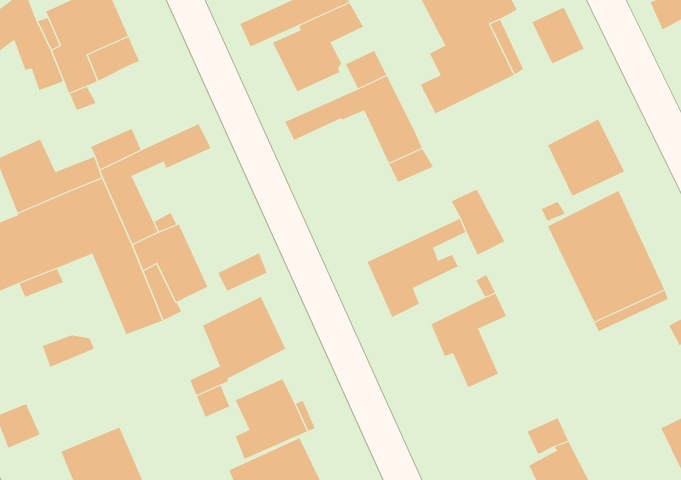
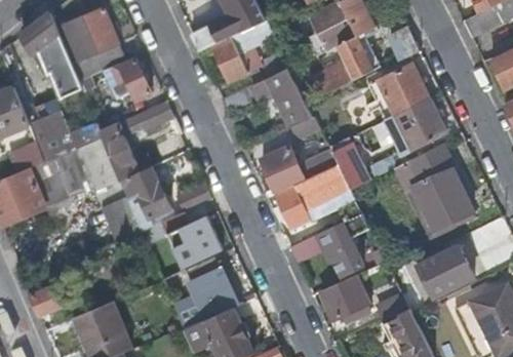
building: none -> [104,58,151,101]
building: none -> [377,63,428,115]
building: none -> [261,148,337,192]
building: none -> [418,246,469,294]
building: none -> [319,276,368,319]

